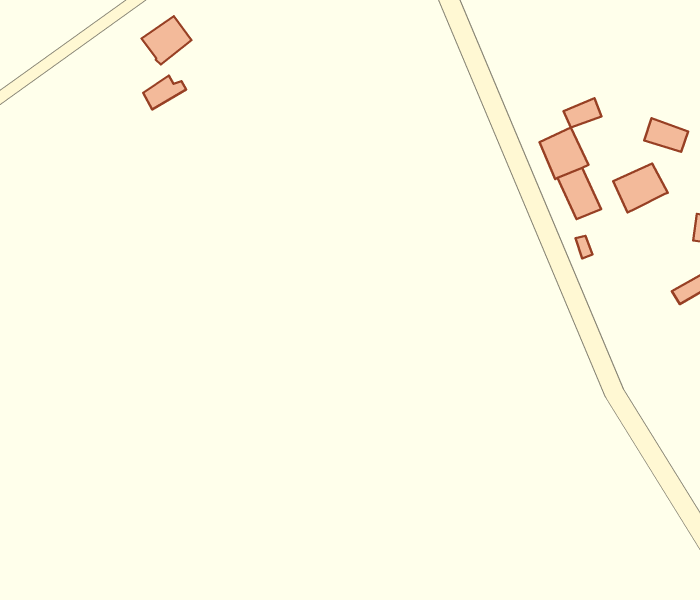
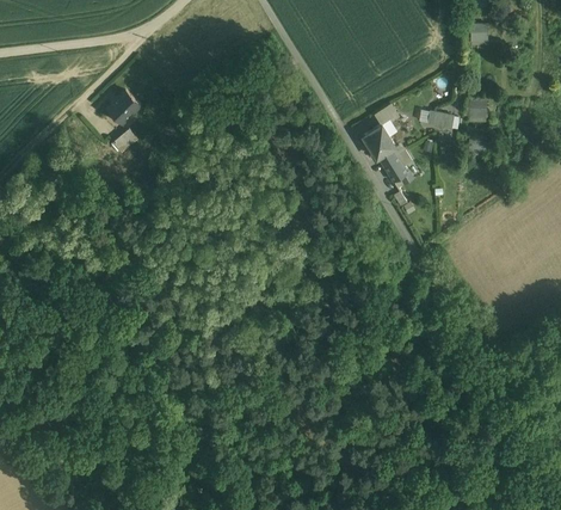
building: [613,163,668,212] -> none

